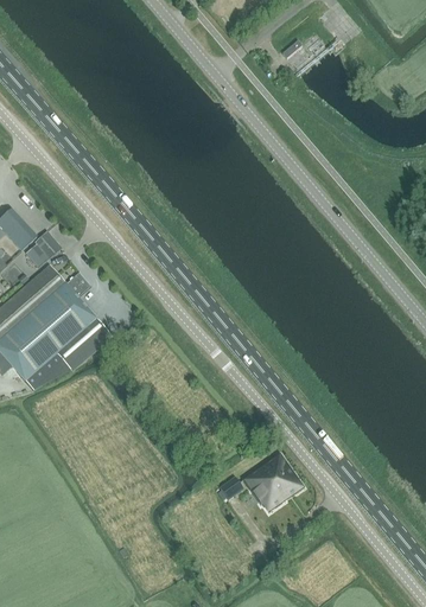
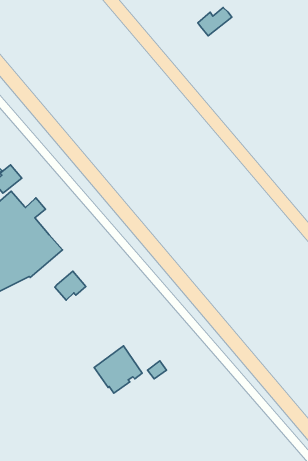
building: none -> [55,271,86,300]
building: [243,453,304,512] -> [94,346,142,393]

